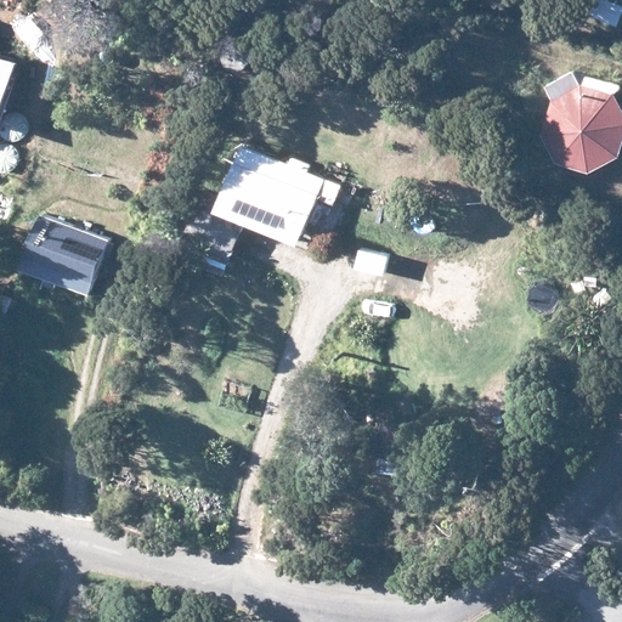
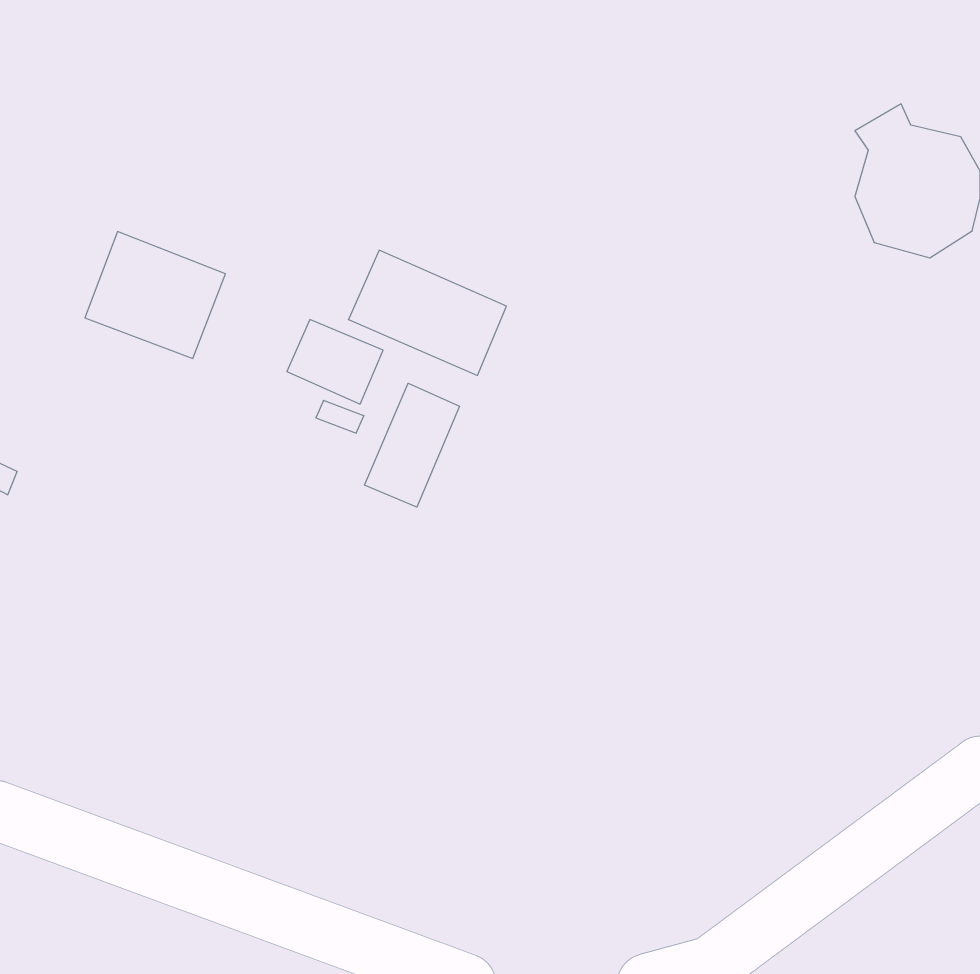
building: [22,214,111,294] -> [85,231,225,358]
building: none -> [364,383,460,507]

